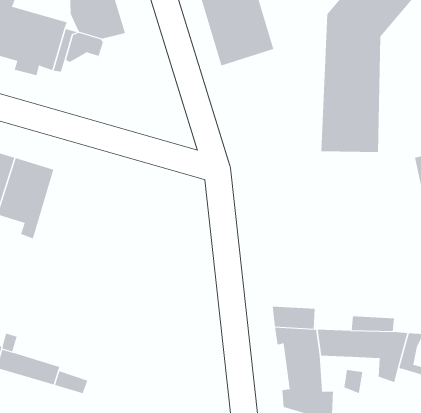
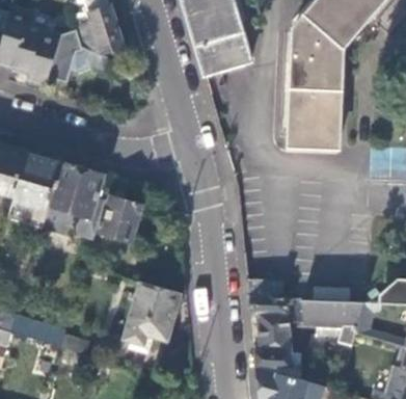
building: none -> [42,163,105,239]
building: none -> [100,196,143,244]
building: none -> [123,283,182,348]

